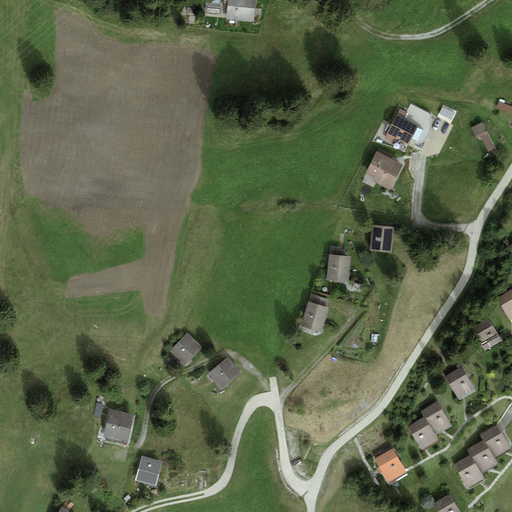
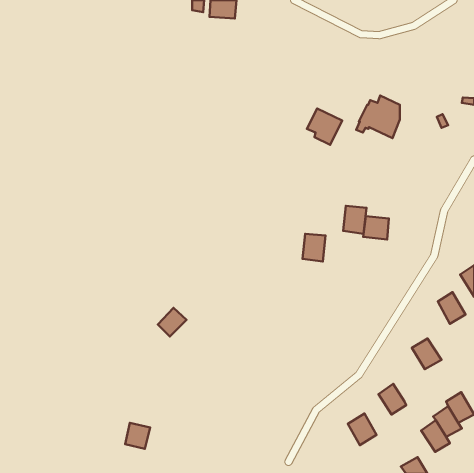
building: [365,150,403,189] -> [307,108,342,145]
building: none -> [363,216,389,239]
building: [300,300,329,332] -> none
building: [209,357,240,388] -> none
building: [420,400,451,434] -> none
building: [103,409,133,441] -> none

